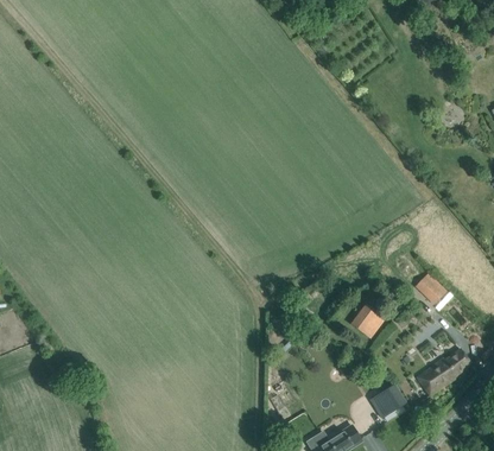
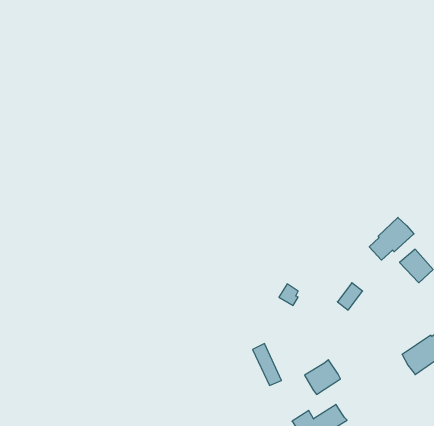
building: none -> [369,217,414,260]
building: [368,385,404,419] -> [305,360,340,394]

